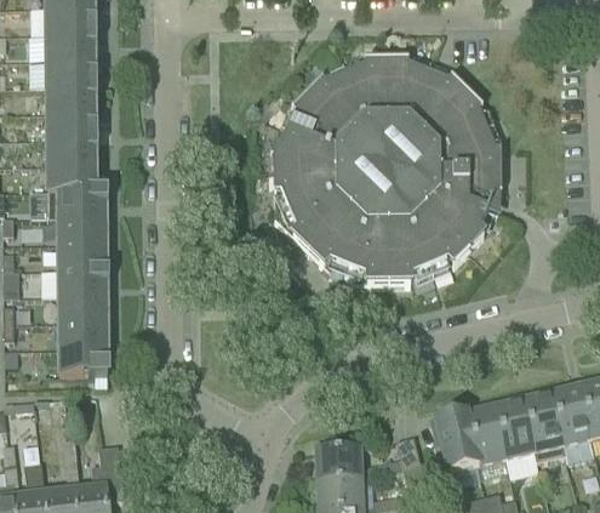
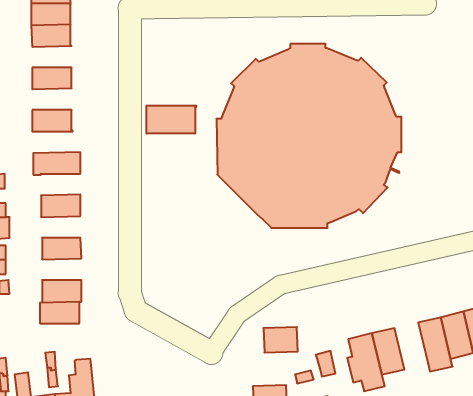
building: [46,61,95,87] -> none
building: [46,113,95,139] -> none
building: none -> [146,106,196,134]
building: [46,166,105,193] -> none
building: [57,218,105,245] -> none
building: [57,270,107,297] -> none
building: [58,323,107,349] -> [40,302,79,323]
building: [492,401,533,460] -> none
building: [316,449,359,480] -> [263,327,298,353]

